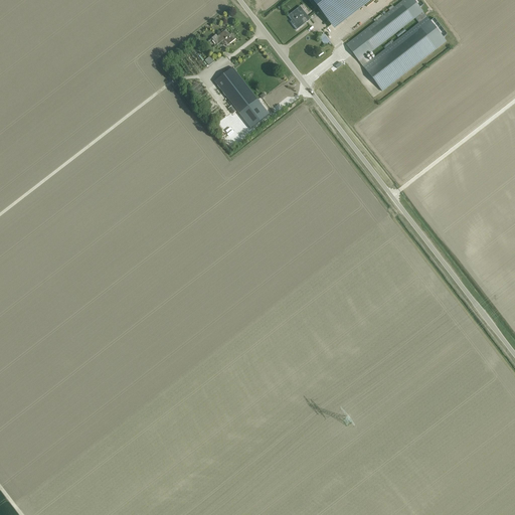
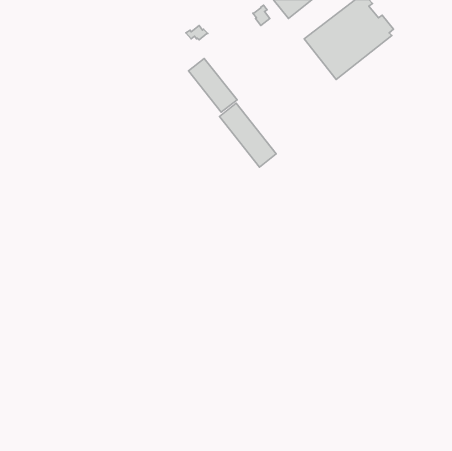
building: none -> [219,103,276,167]

